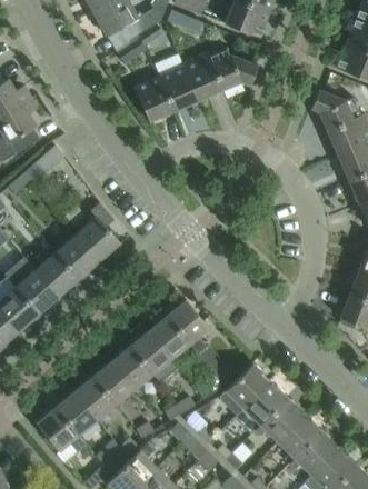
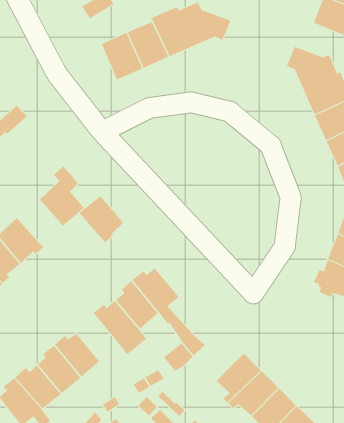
building: [54,236,98,281] -> [78,196,124,244]
building: [111,343,152,389] -> none
building: [218,363,270,415] -> none

